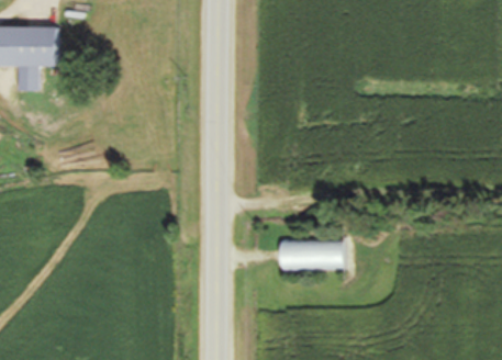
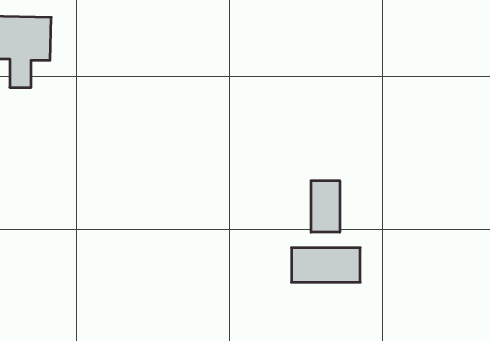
building: none -> [311,181,340,232]

